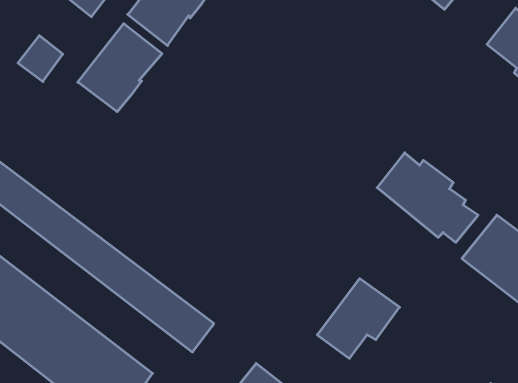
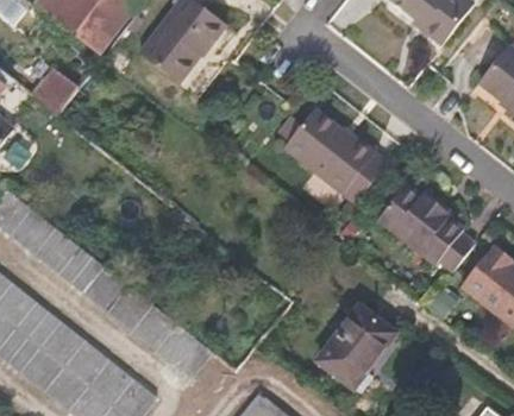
building: [78,24,162,112] -> none
building: none -> [281,111,384,204]

